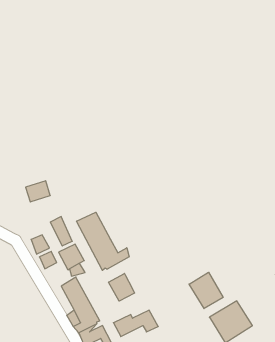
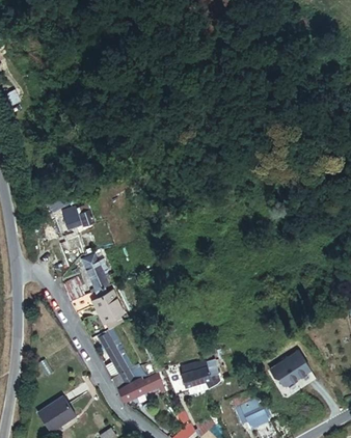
building: [77,212,129,270] -> none
building: [189,272,223,309] -> none
building: [109,273,135,301] -> none

